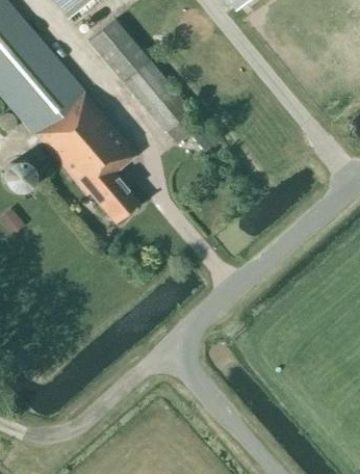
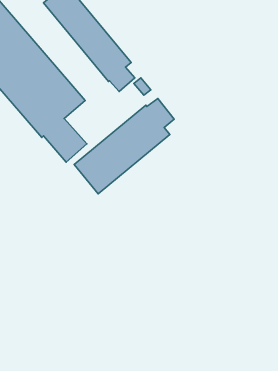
building: none -> [74,99,174,194]

